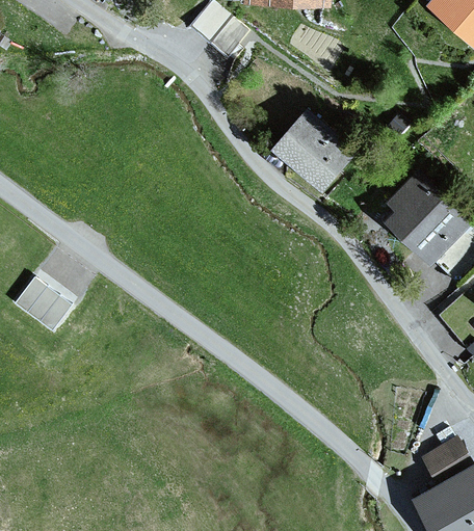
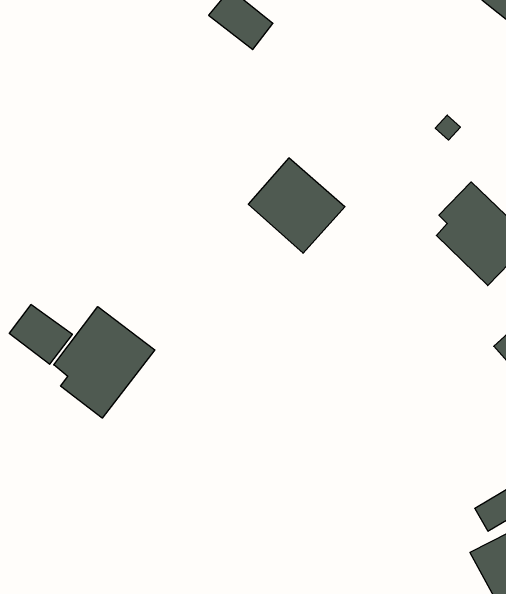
building: [275,111,360,194] -> [248,158,345,253]
building: none -> [54,307,155,418]

